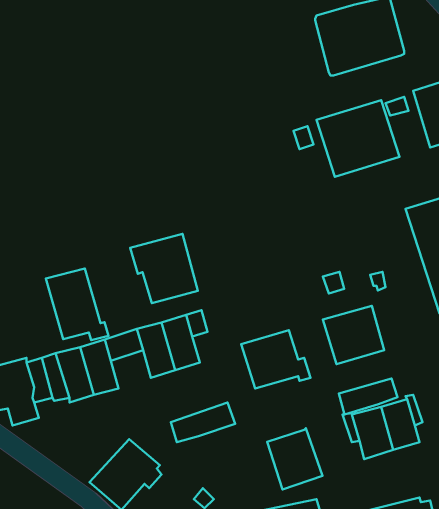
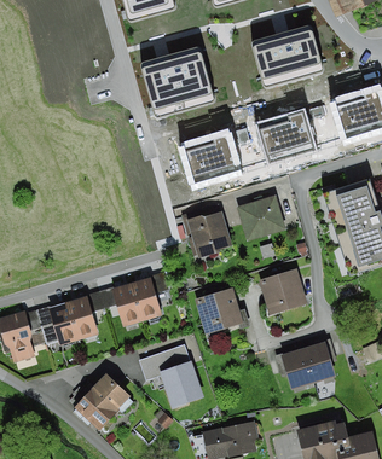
building: none -> [140,46,213,117]
building: none -> [179,128,243,188]
building: none -> [237,194,283,239]
building: [130,234,198,303] -> [180,203,233,257]
building: [46,268,109,340] -> none
building: [339,379,398,414] -> none
building: [267,428,323,490] -> [160,360,203,408]

